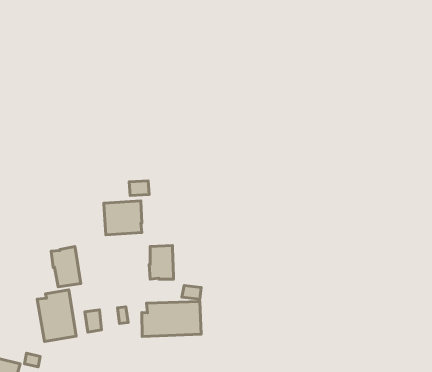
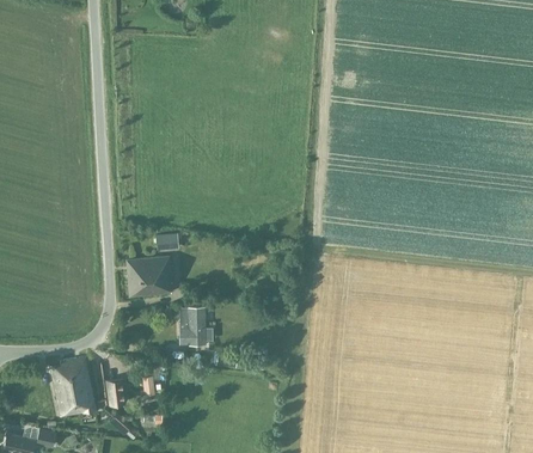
building: [51,246,81,287] -> none
building: [142,302,201,336] -> none

